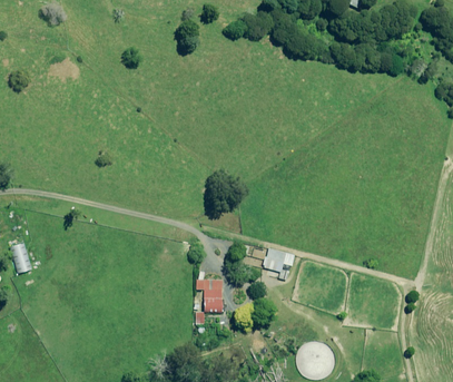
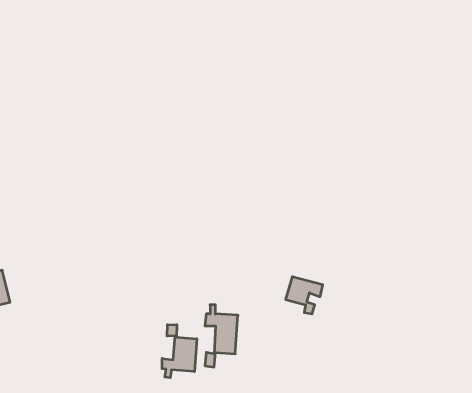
building: none -> [162,325,197,378]

